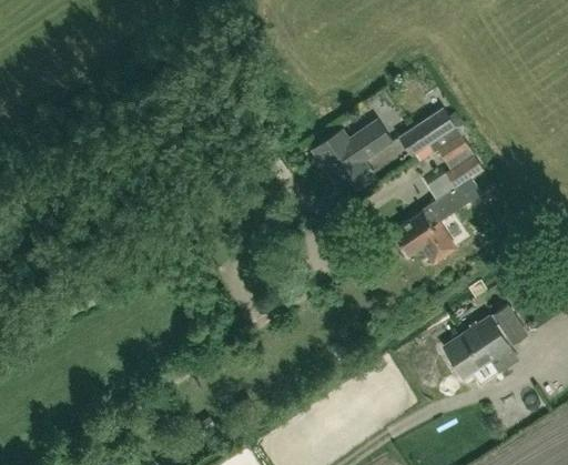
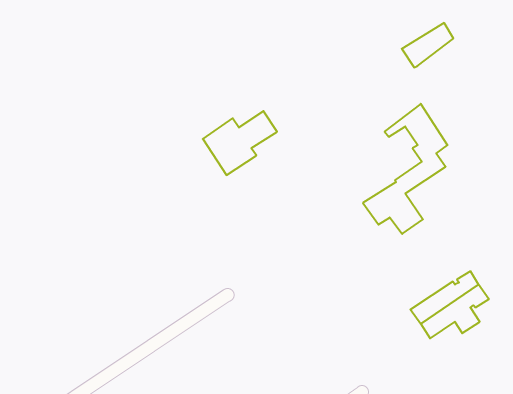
building: [398,109,454,156] -> [402,23,453,67]
building: [311,120,390,189] -> [203,111,277,175]

